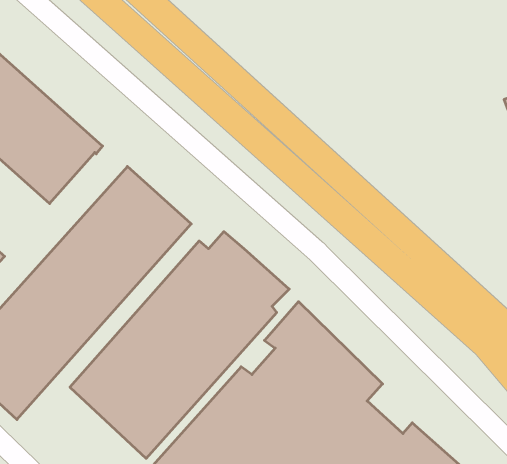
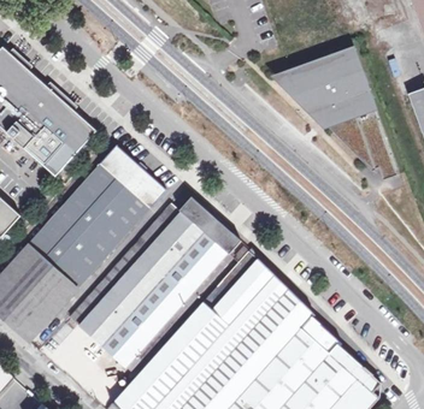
building: none -> [275,48,393,178]

